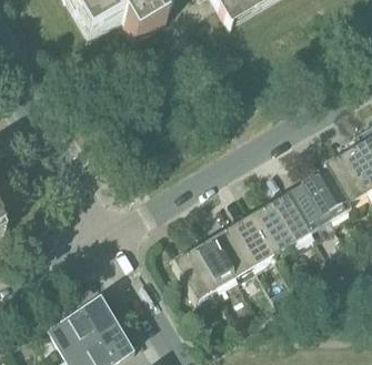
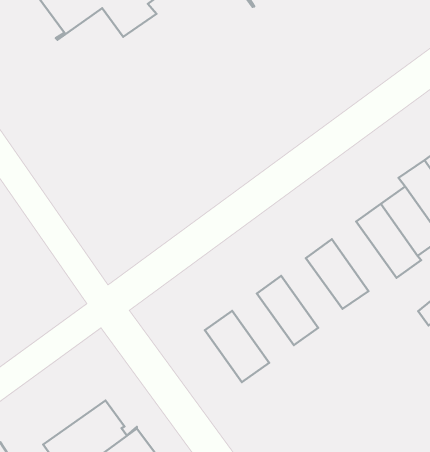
building: [274,187,319,243] -> none
building: [235,211,278,262] -> none
building: [198,233,240,284] -> none

